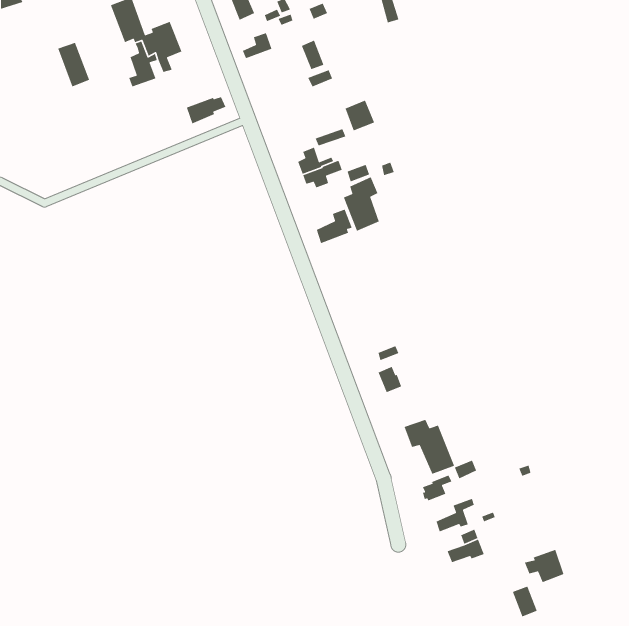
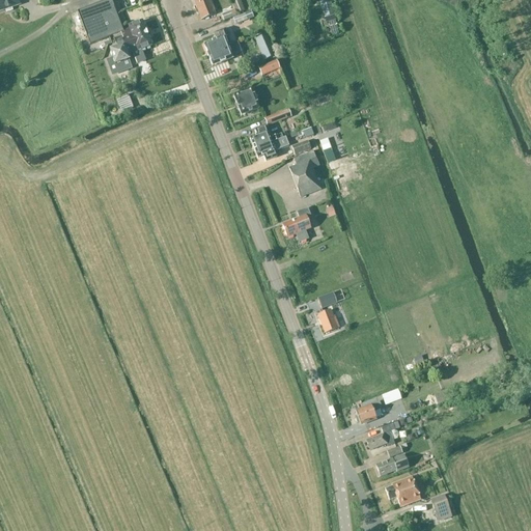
building: [57,42,90,88] -> [78,4,106,43]
building: [186,96,226,124] -> [207,40,242,64]
building: [344,99,375,131] -> [234,86,260,113]
building: [316,208,353,244] -> [283,205,314,235]
building: [403,419,455,475] -> none
building: [524,549,565,583] -> [386,476,420,505]

